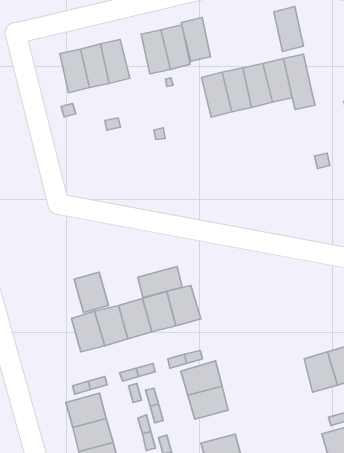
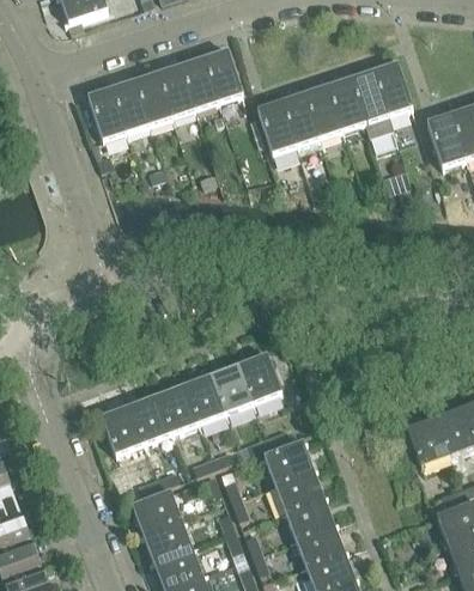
building: [274,7,303,51] -> [373,61,412,115]
building: [181,17,211,61] -> [157,63,195,116]
building: [138,267,182,298] -> none
building: [74,272,108,313] -> [101,404,144,453]
building: none -> [285,495,334,537]

